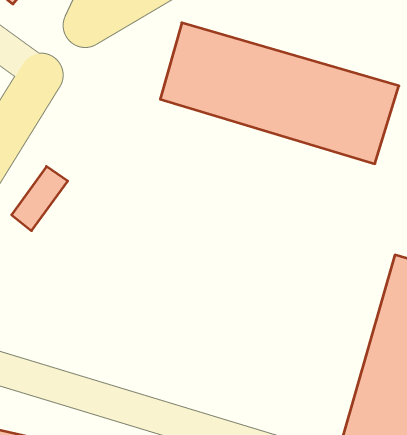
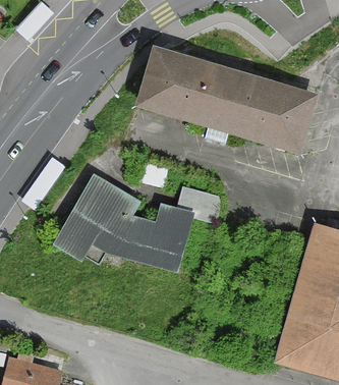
building: none -> [53,173,194,273]

